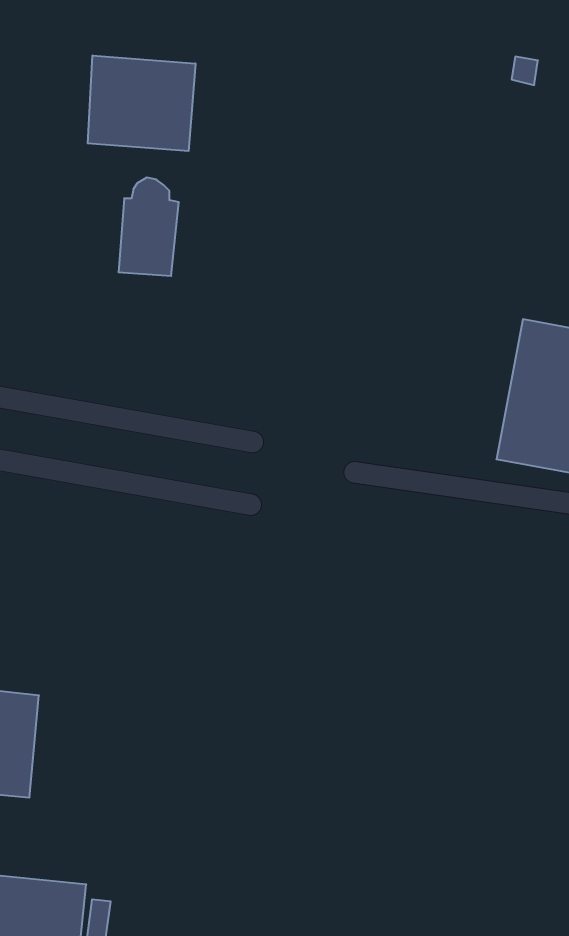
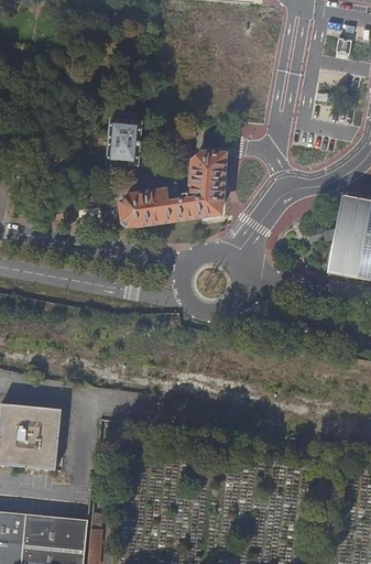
building: [88,55,195,151] -> none
building: none -> [116,154,226,229]

